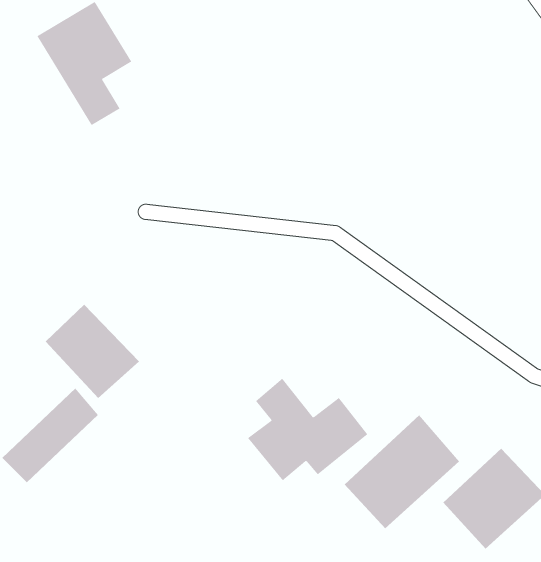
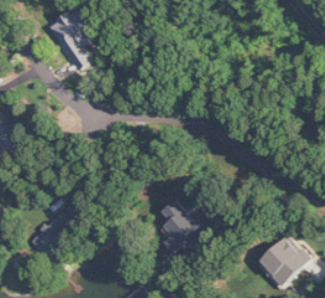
building: [45,304,140,399] -> none
building: [344,415,460,529] -> none

